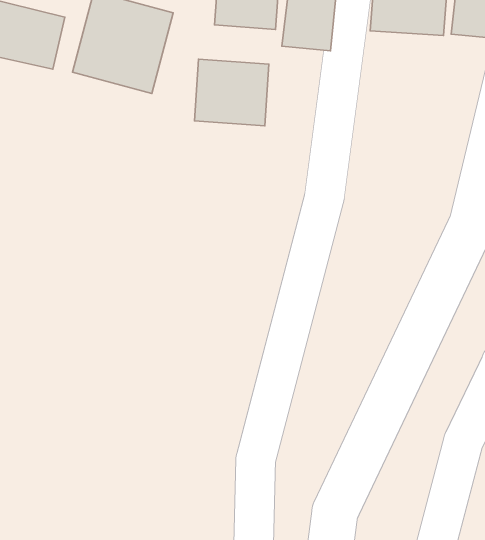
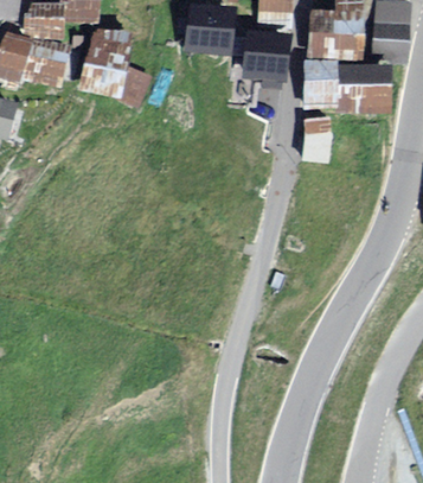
building: none -> [300,61,392,116]
building: [194,59,269,126] -> none
building: none -> [301,117,332,163]

